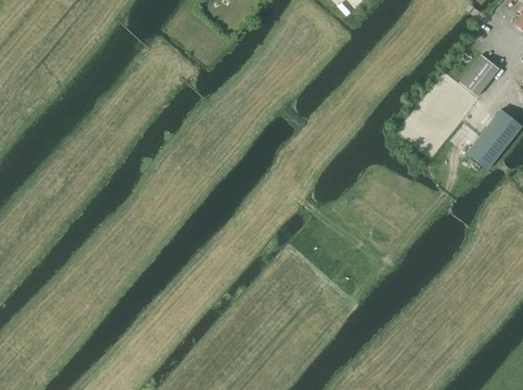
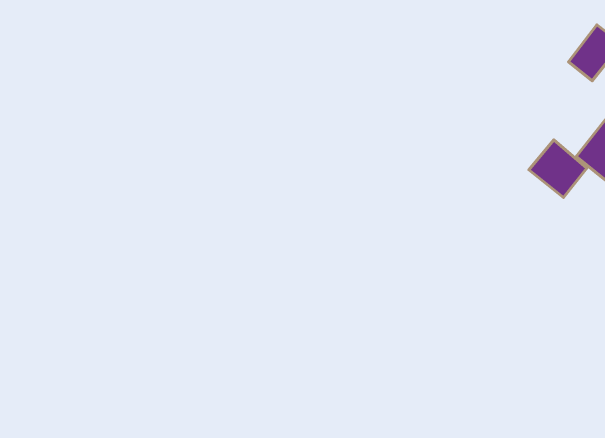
building: none -> [529,140,587,197]

